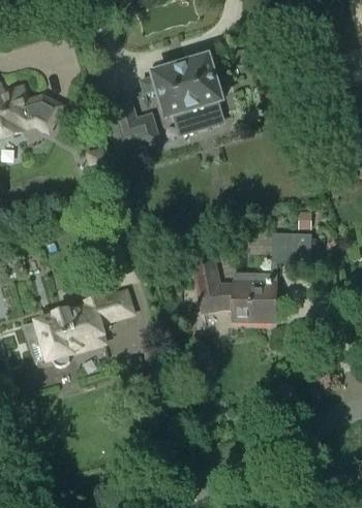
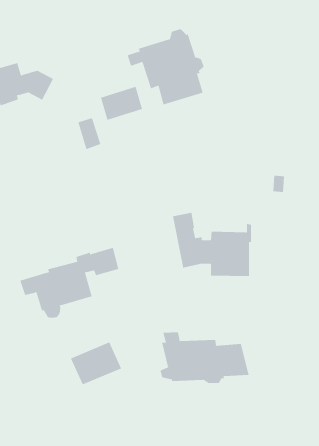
building: [271,232,313,265] -> none
building: none -> [160,332,249,384]
building: none -> [70,341,122,385]

